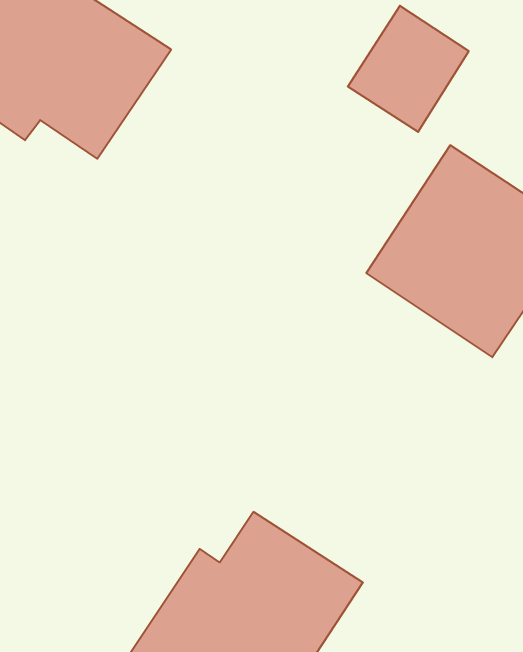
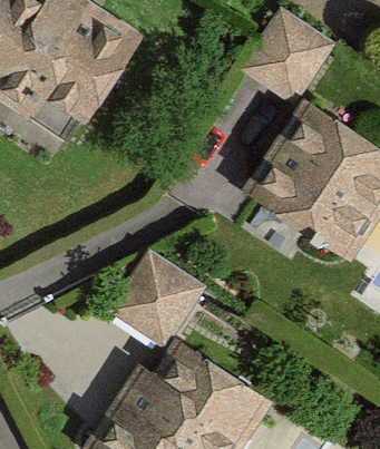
building: none -> [117,256,202,343]

